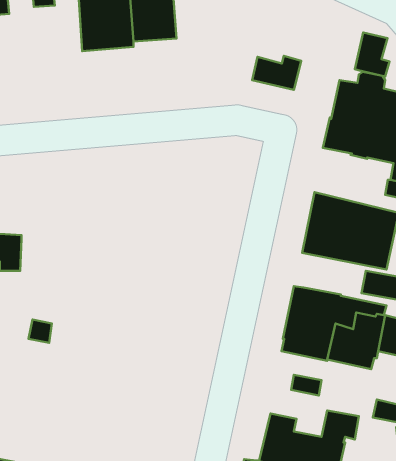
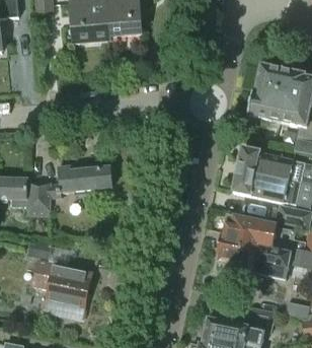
building: [355,32,389,77] -> none
building: [252,56,301,90] -> none
building: none -> [27,165,113,213]
building: none -> [33,258,91,319]

